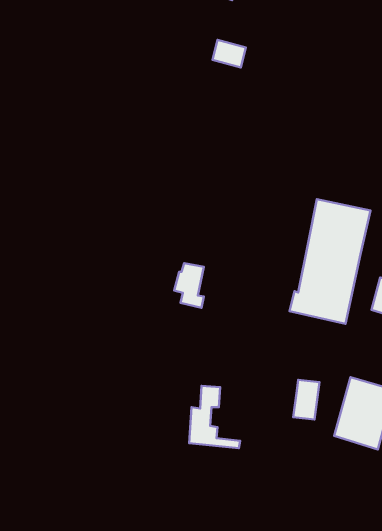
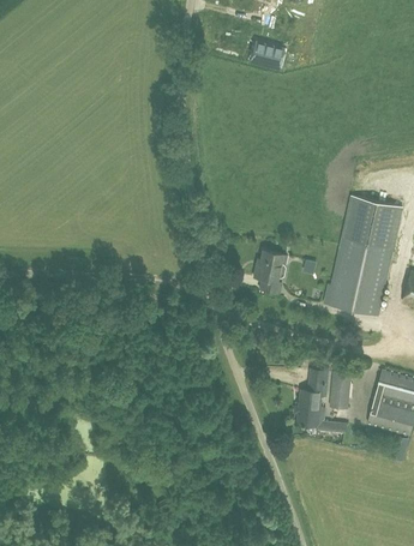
building: [174,263,204,308] -> [254,250,283,293]
building: [189,386,240,448] -> [299,368,348,428]

